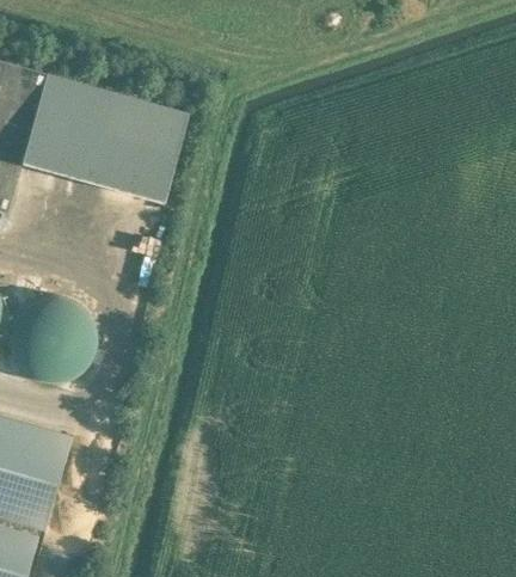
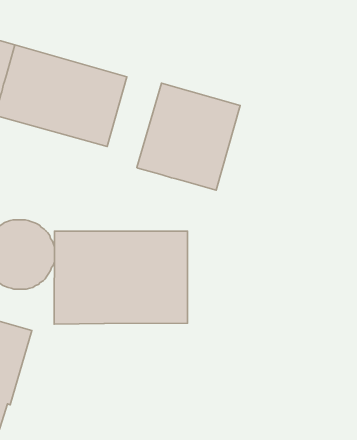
building: none -> [137,83,240,190]
building: none -> [54,231,188,324]

